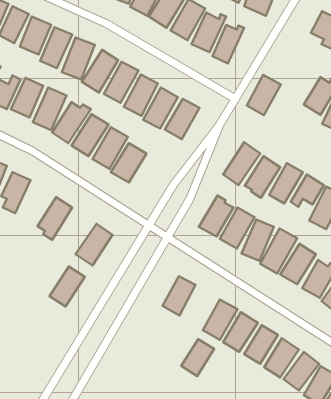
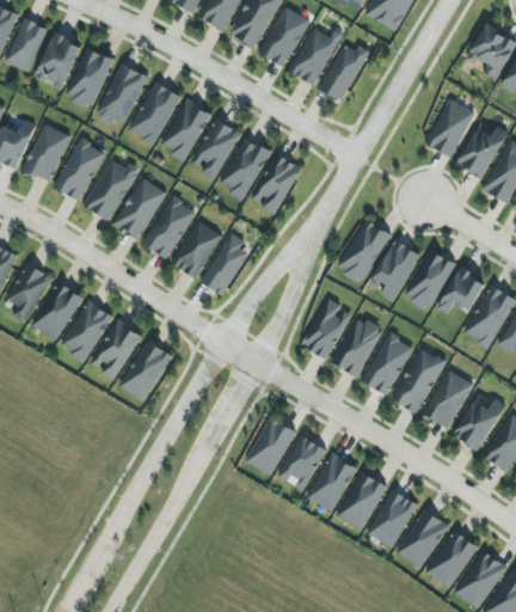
building: [247,75,281,115] -> [426,98,477,158]
building: none -> [201,234,252,295]
building: none -> [32,282,85,339]
building: [49,266,85,307] -> [90,320,142,380]
building: [181,339,214,376] -> [278,435,327,490]

